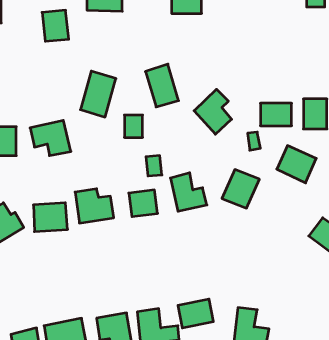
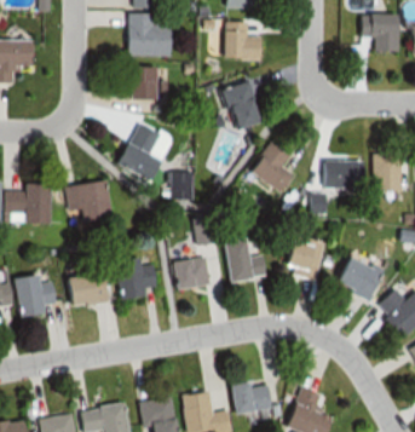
building: [42,10,69,41] -> [127,63,157,98]
building: [145,64,179,107] -> [223,81,260,129]
building: [277,146,316,183] -> [336,257,381,299]

